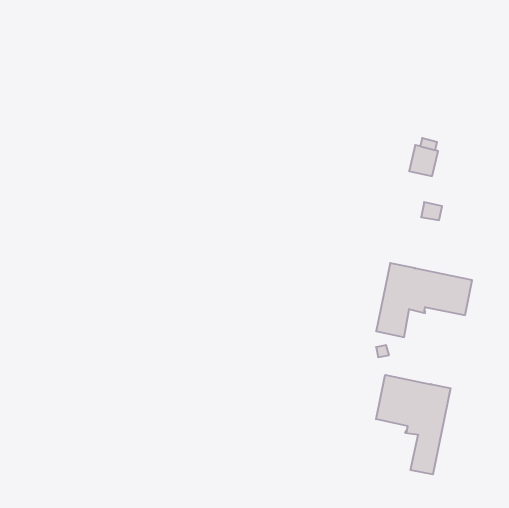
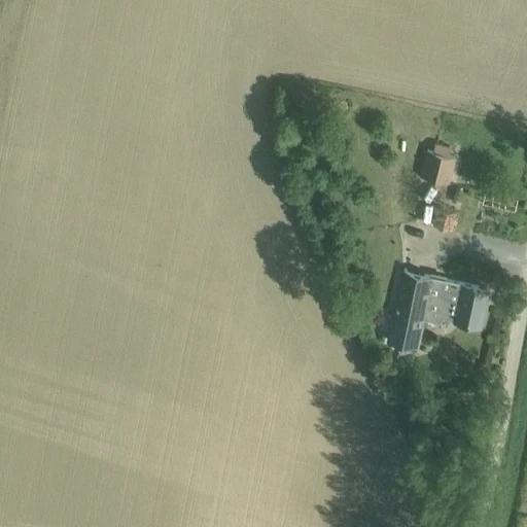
building: [376,375,451,474] -> none

